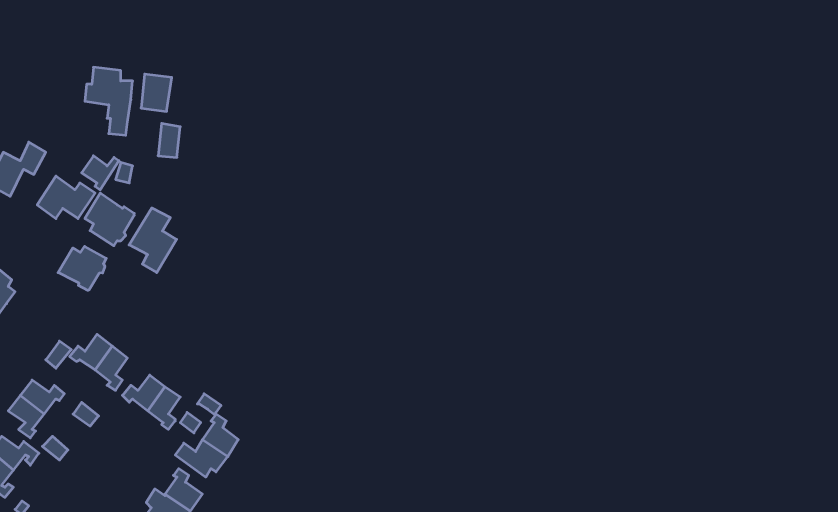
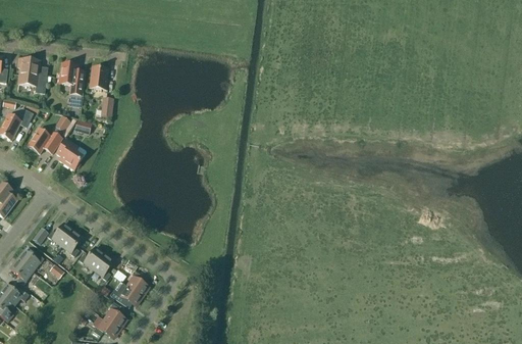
building: none -> [17,57,46,93]
building: [129,208,177,273] -> none
building: [58,246,106,290] -> none

